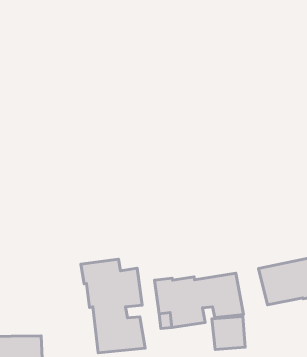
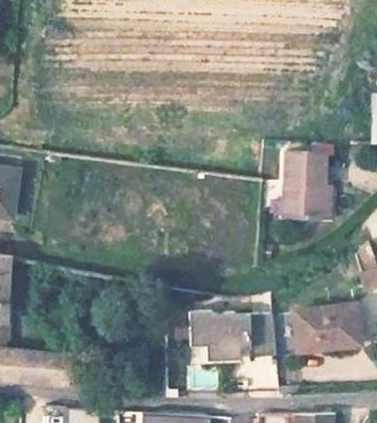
building: none -> [285,152,333,219]
building: [81,259,145,353] -> none

